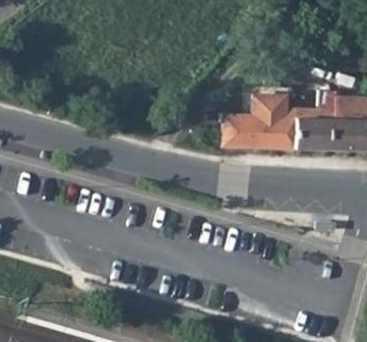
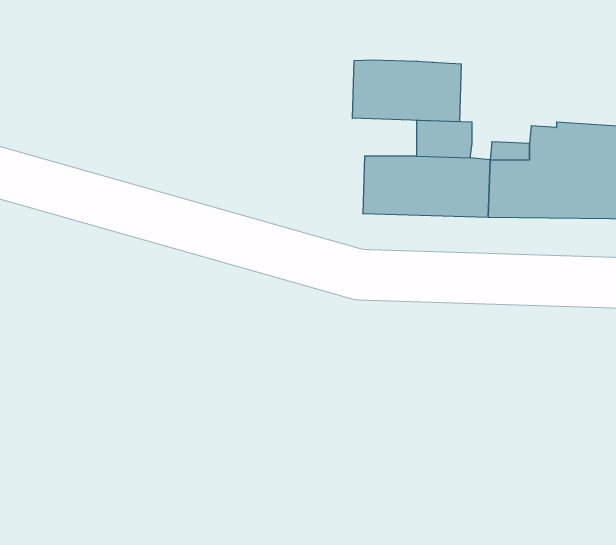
building: none -> [352,60,461,122]

